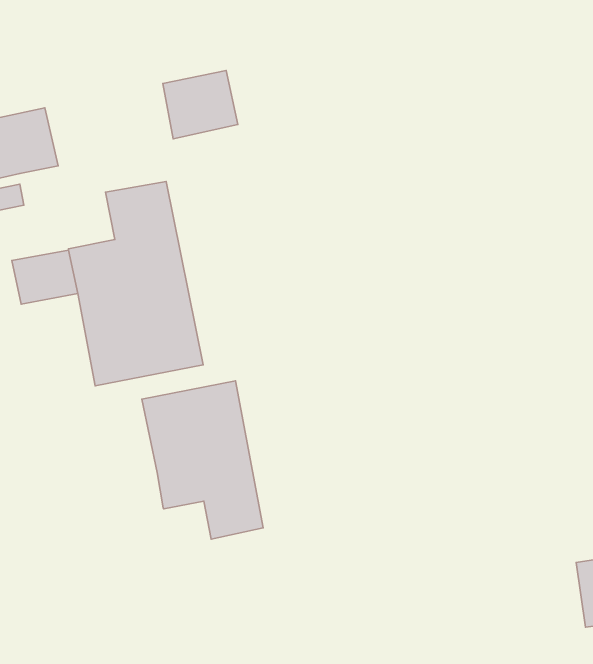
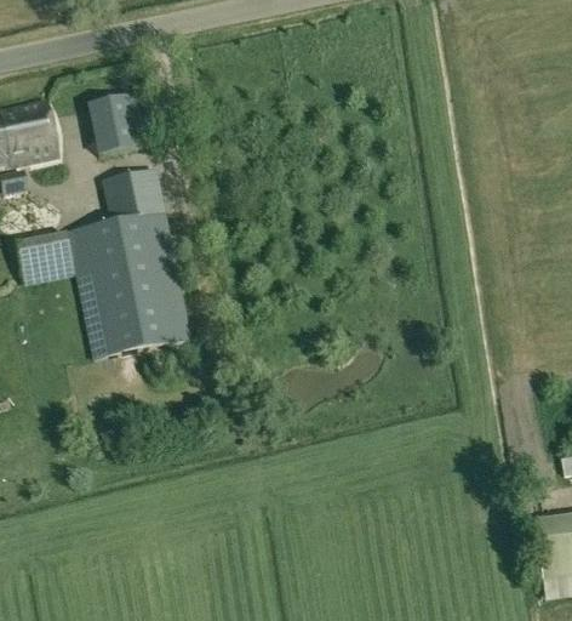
building: [163,70,238,139] -> [87,92,156,155]
building: [142,381,263,539] -> none

